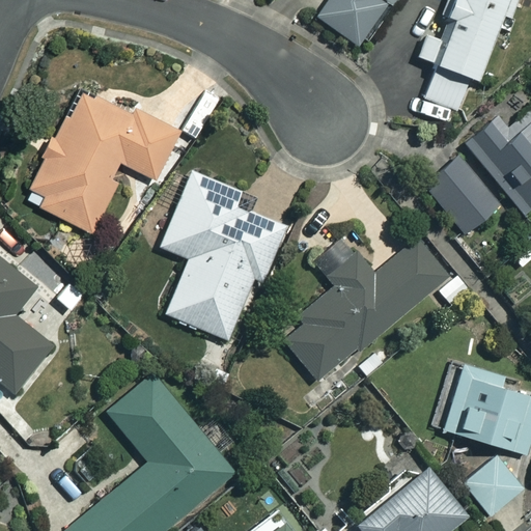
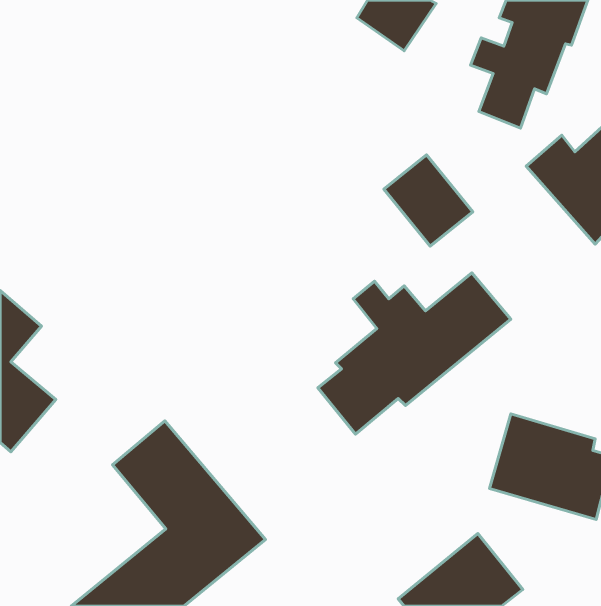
building: [25,89,178,232] -> none
building: [423,151,501,231] -> [384,155,473,246]
building: [162,170,285,343] -> none
building: [466,455,525,515] -> none

